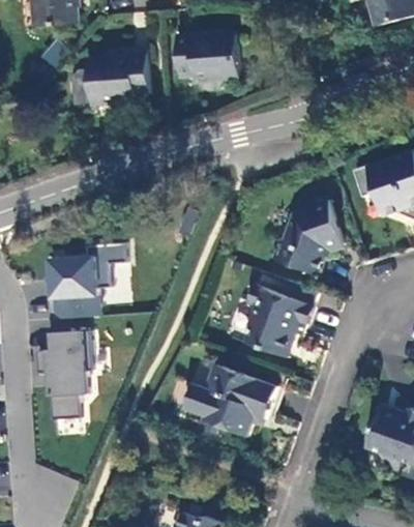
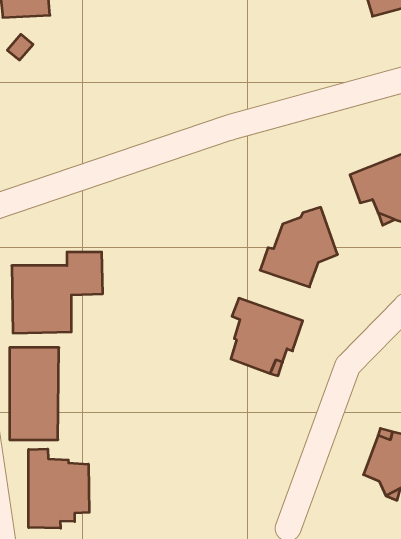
building: [178,33,238,81] -> none
building: [75,53,151,105] -> none
building: [184,367,277,437] -> none
building: none -> [29,449,89,528]

